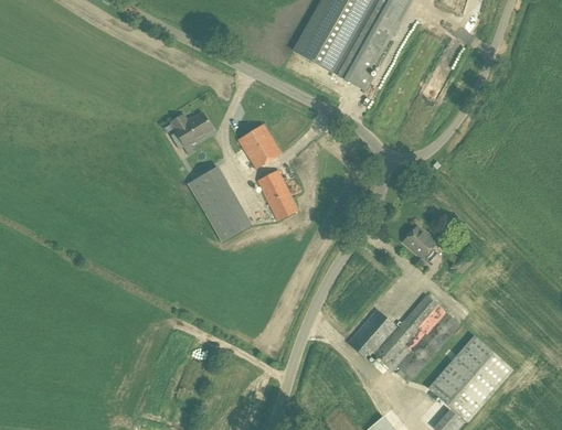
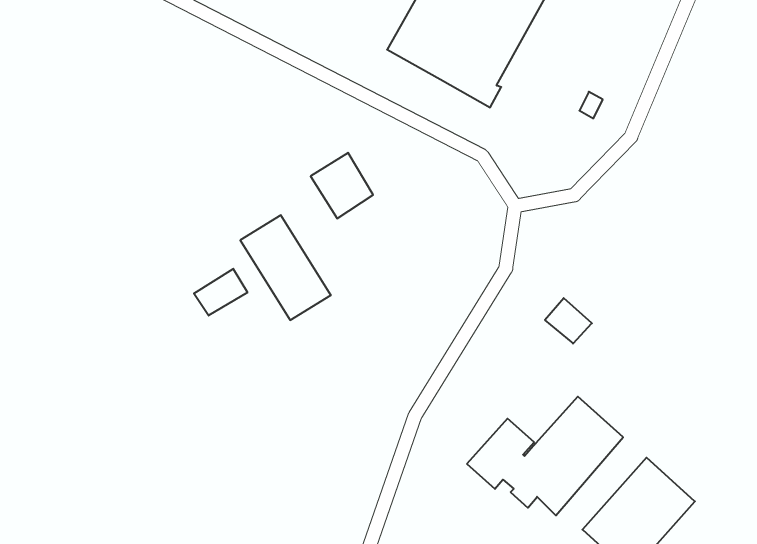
building: [169,112,213,149] -> none
building: [257,170,299,222] -> none
building: none -> [194,269,247,316]

